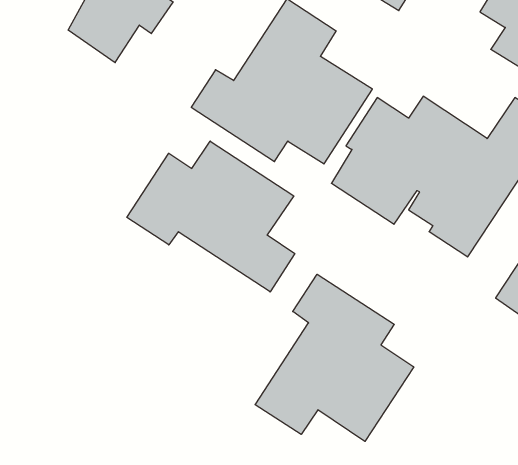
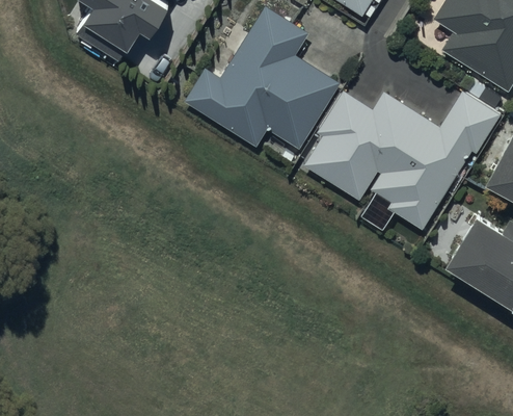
building: [127,141,295,292] -> none
building: [255,274,414,441] -> none

